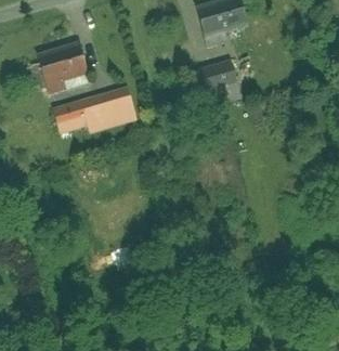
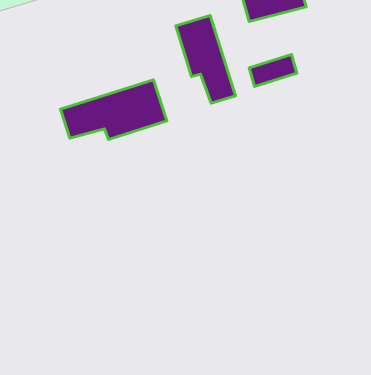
building: none -> [176,15,235,103]
building: [38,41,92,89] -> none

